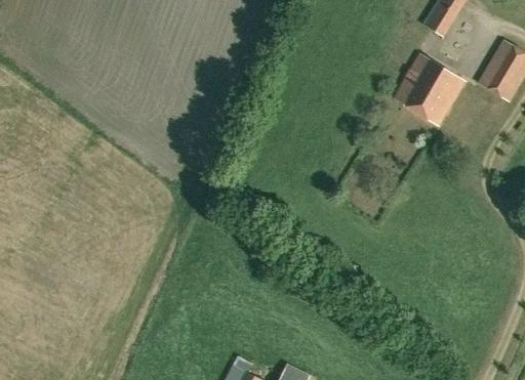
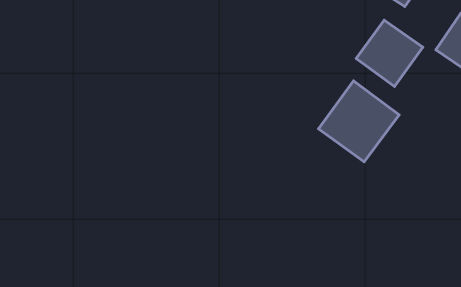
building: none -> [319,81,399,162]

